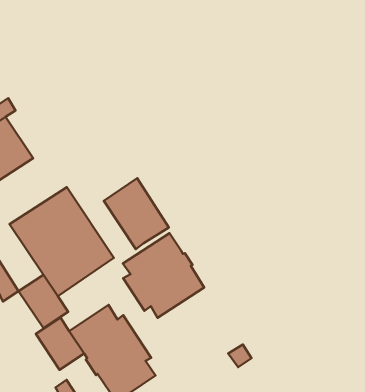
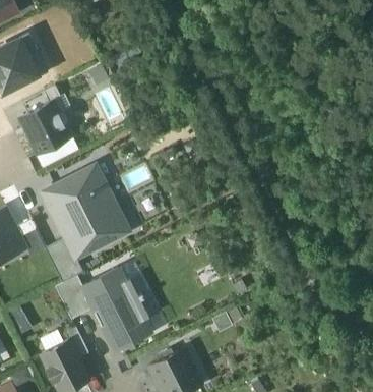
building: [104,178,169,249] -> none
building: [123,233,204,318] -> none

